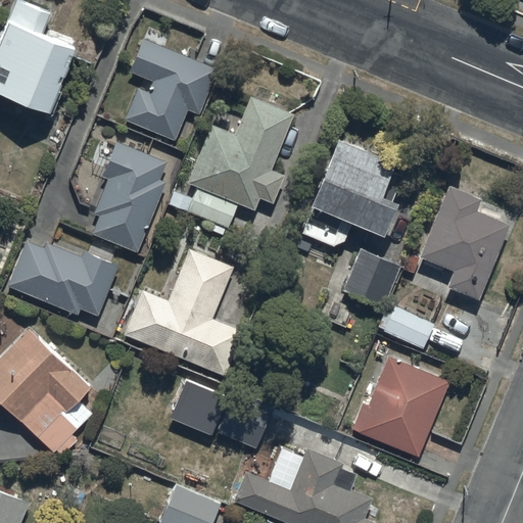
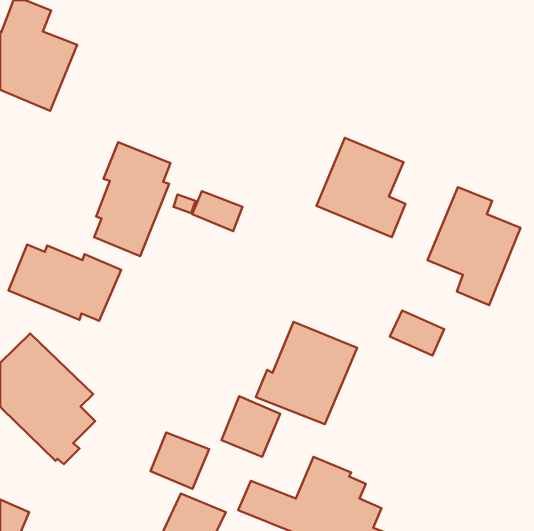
building: [124,39,218,141] -> none
building: [187,97,293,210] -> none
building: [124,249,243,377] -> none
building: [342,250,400,308] -> none
building: [351,358,450,458] -> [256,322,357,424]
building: [171,381,228,436] -> [151,432,209,489]

